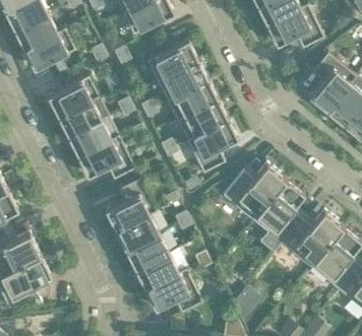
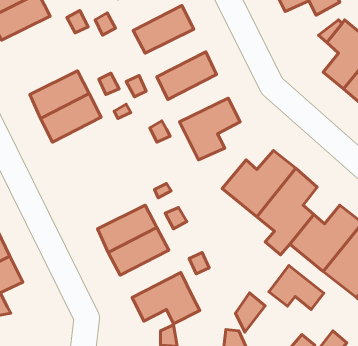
building: [157,60,208,100] -> none
building: [48,75,99,116] -> none
building: [176,98,228,139] -> none
building: [77,135,135,179] -> none
building: [105,177,157,230] -> none
building: [135,249,187,289] -> none
building: none -> [269,266,324,309]

